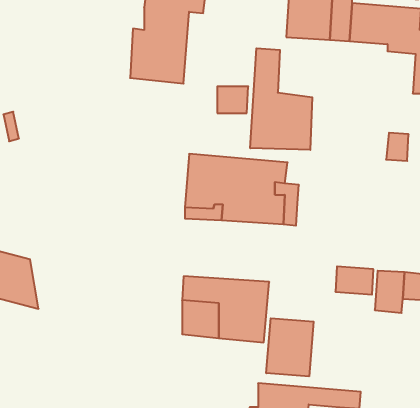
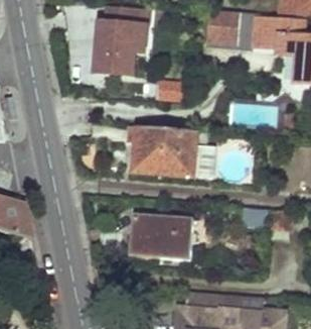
building: [250,48,312,150] -> none
building: [266,318,314,376] -> none

